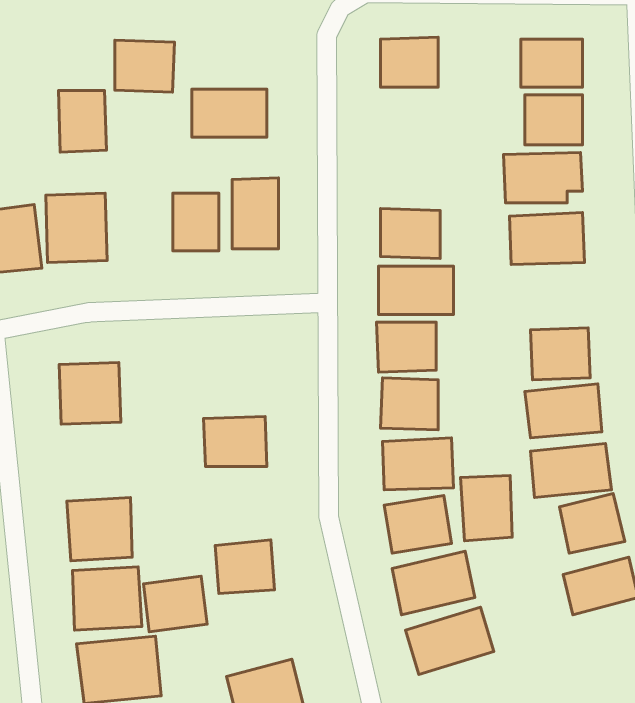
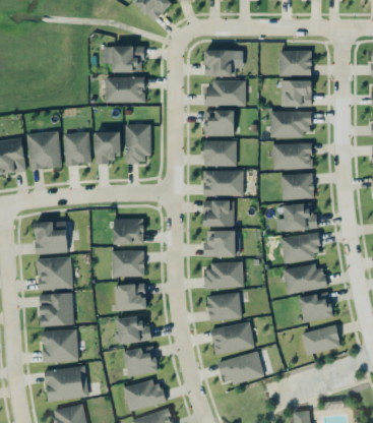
building: [115,40,174,92] -> [112,46,143,73]
building: [58,90,106,152] -> [64,133,89,166]
building: none -> [204,81,245,106]
building: none -> [203,111,234,136]
building: none -> [281,174,313,199]
building: none -> [113,219,143,244]
building: none -> [37,257,72,290]
building: [460,476,512,541] -> none
building: none -> [116,284,146,310]
building: [144,576,207,632] -> [124,347,158,376]

